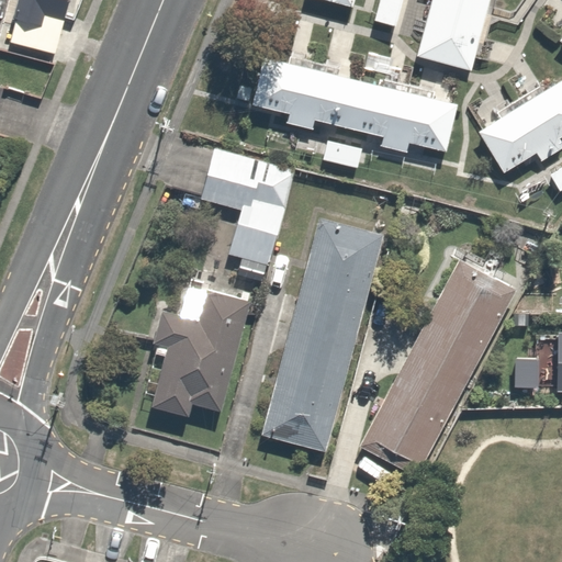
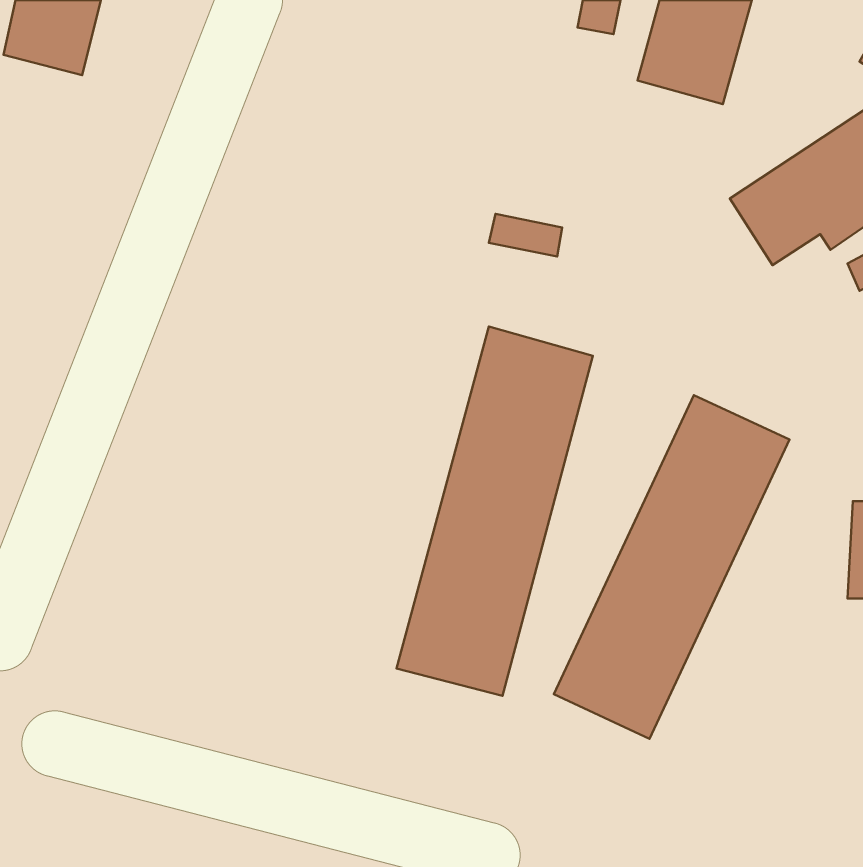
building: [251,57,461,156] -> none
building: [200,148,297,270] -> none
building: [153,289,246,414] -> none

